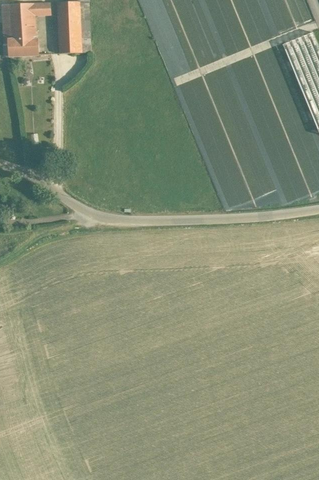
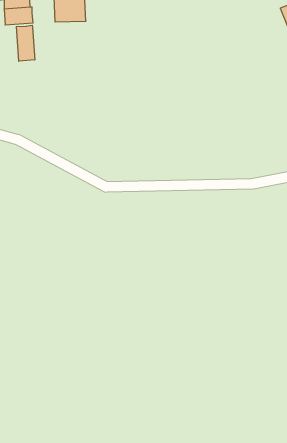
building: none -> [16,25,35,61]

